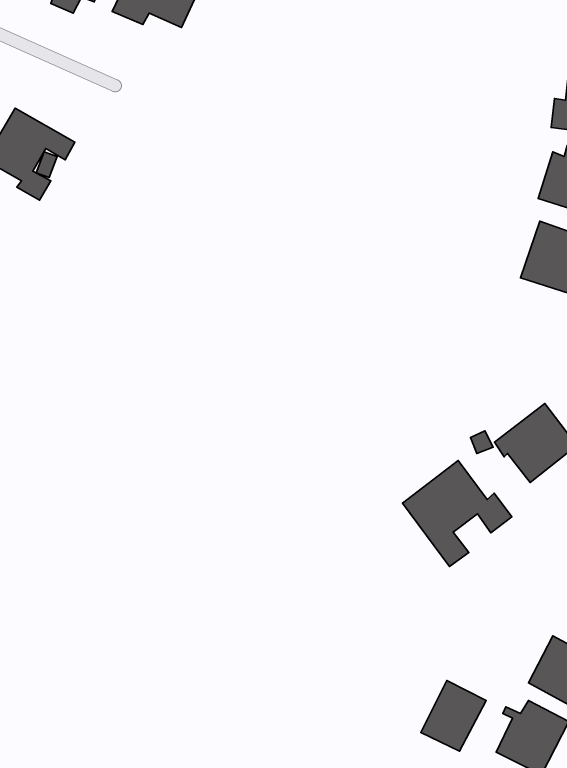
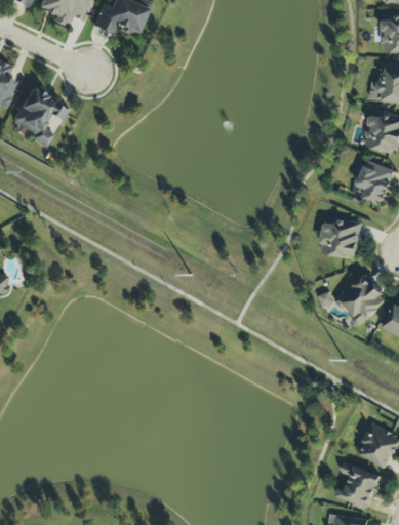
building: none -> [319,219,362,258]
building: [403,460,512,566] -> none
building: [421,680,486,751] -> none

